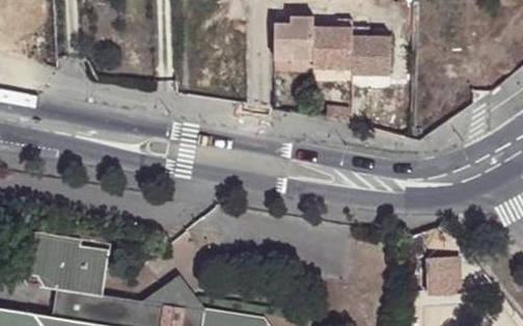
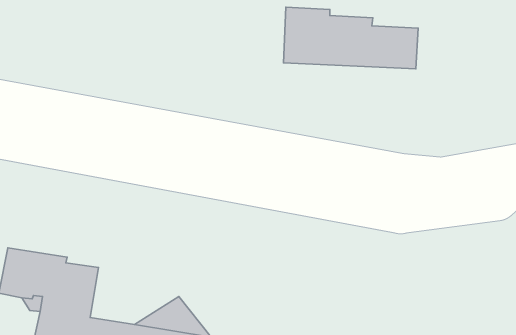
building: [423,254,463,294] -> none

